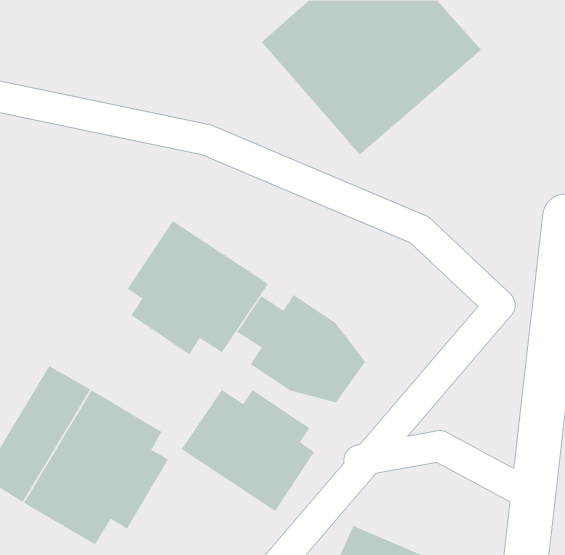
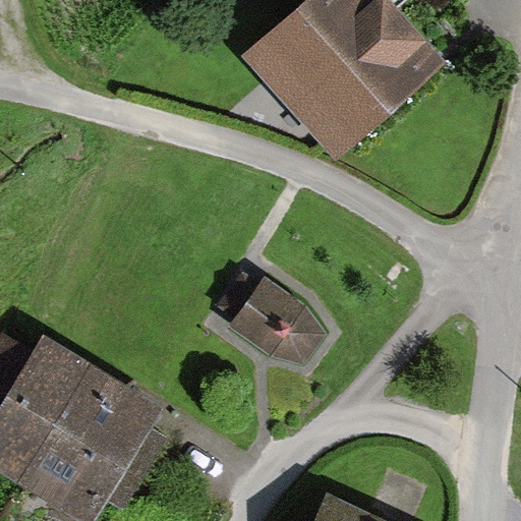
building: [127,220,269,355] -> none
building: [181,389,315,512] -> none

